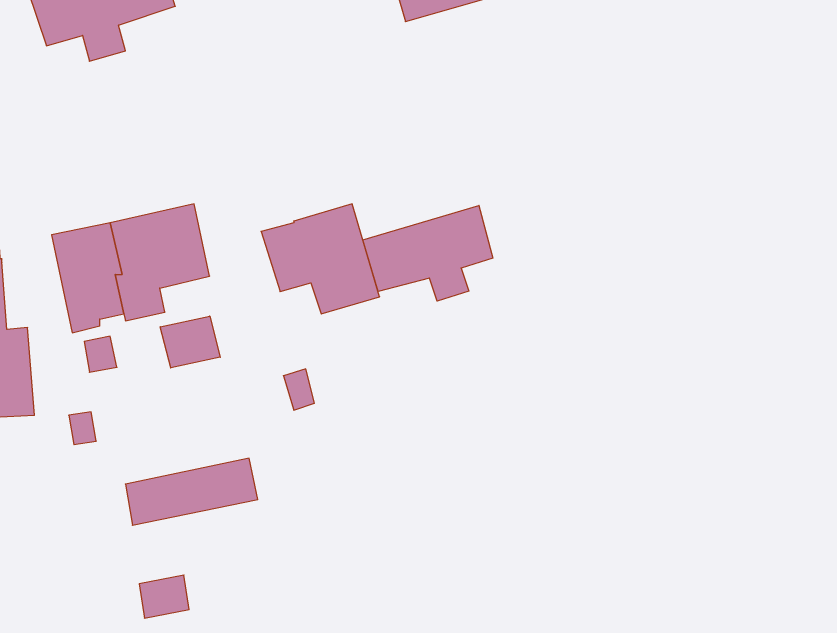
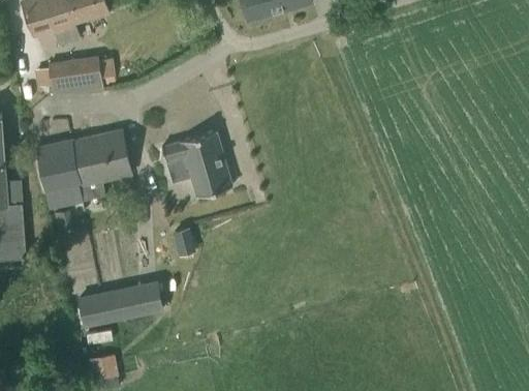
building: none -> [50,59,101,96]
building: [363,205,493,301] -> none
building: [160,316,220,368] -> none

